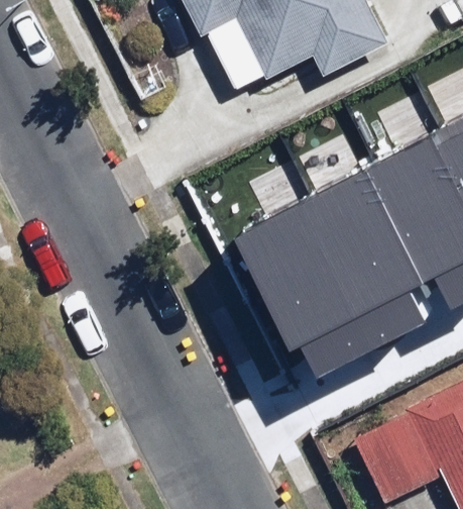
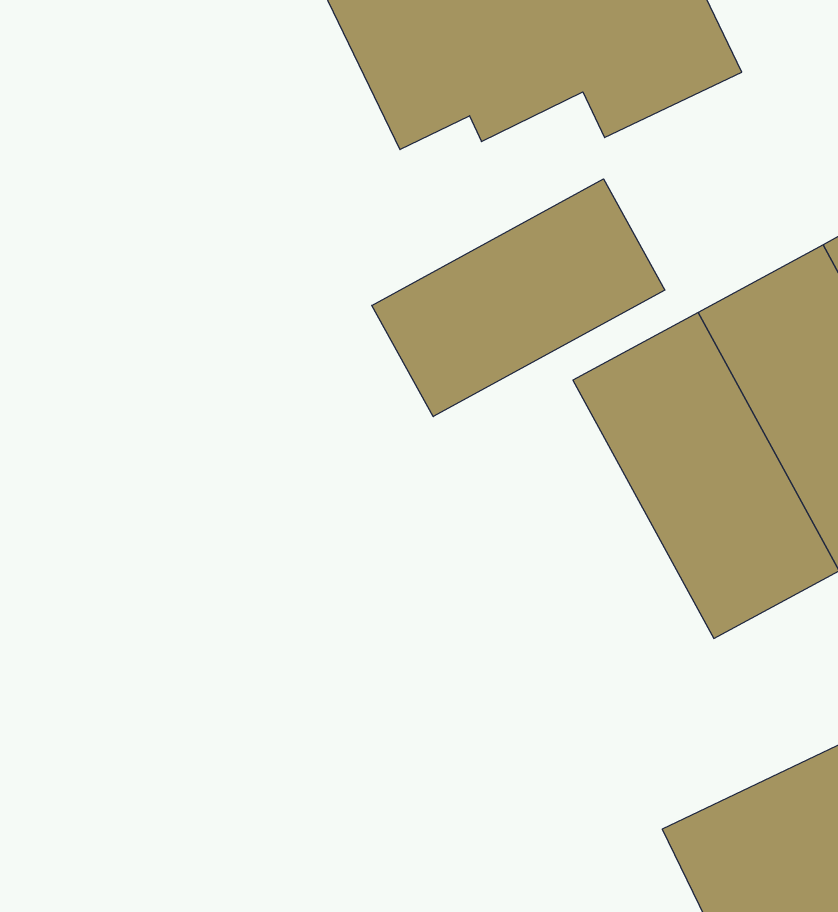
building: none -> [372,179,665,417]
building: [248,201,383,367] -> none

